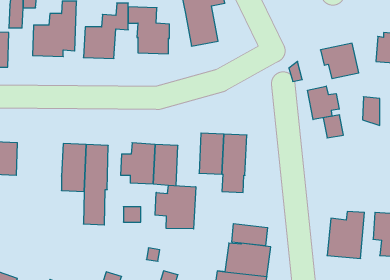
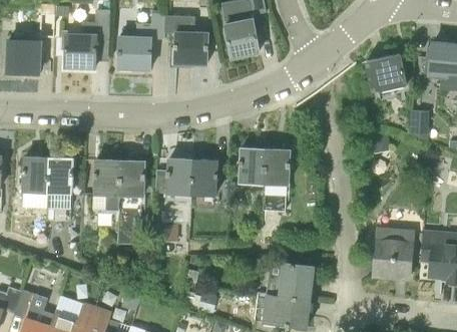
building: [308,86,339,120] -> none
building: none -> [46,157,72,212]
building: [155,185,196,229] -> none
building: [232,224,268,246] -> none

